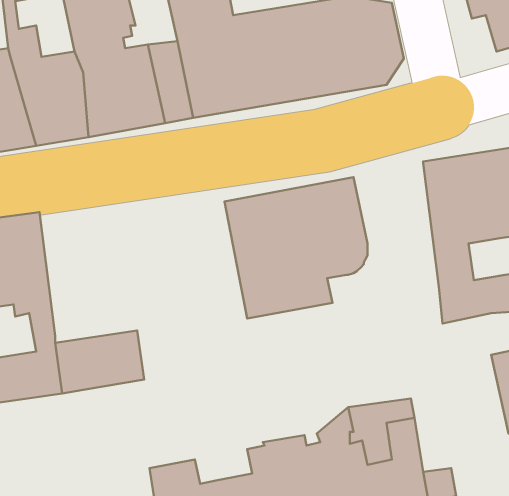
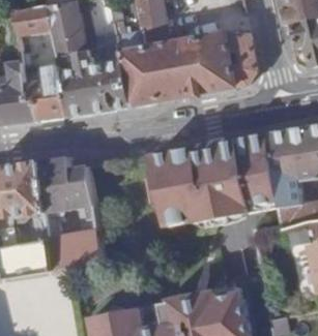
building: none -> [209,131,276,214]
building: none -> [38,156,92,234]

